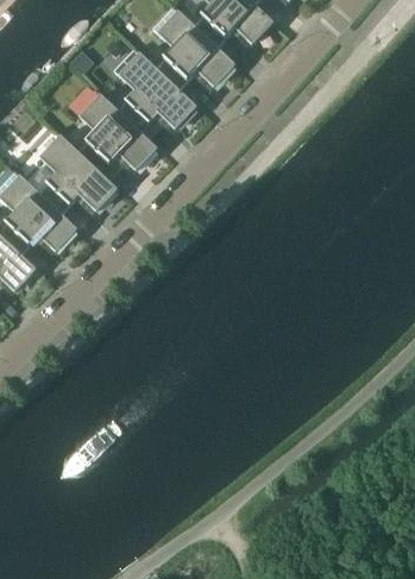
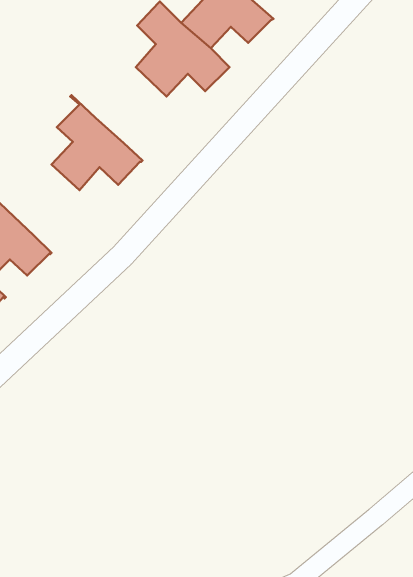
building: [113,48,196,132] -> none
building: [37,130,117,214] -> none

